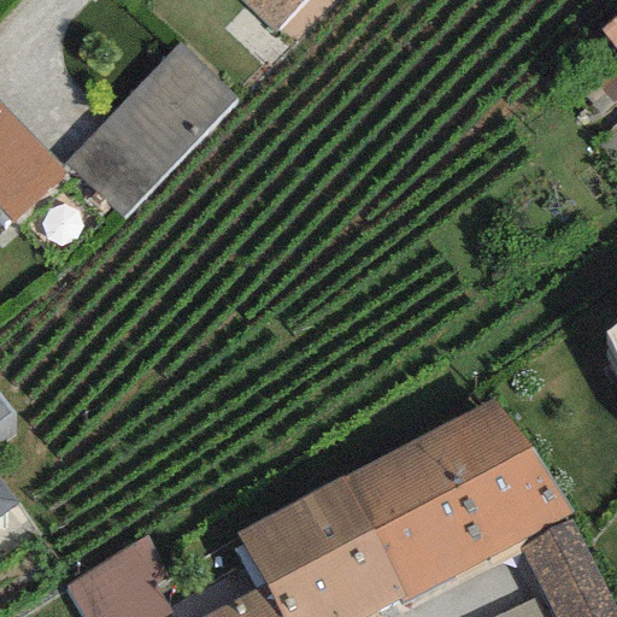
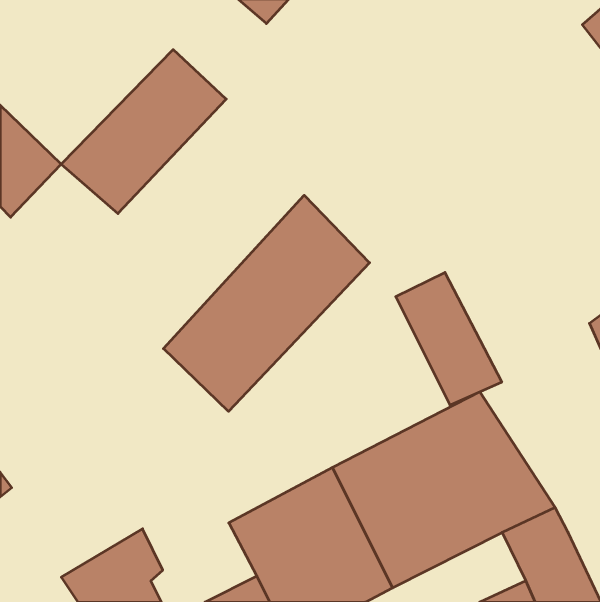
building: none -> [163,195,370,411]
building: none -> [396,272,502,405]

